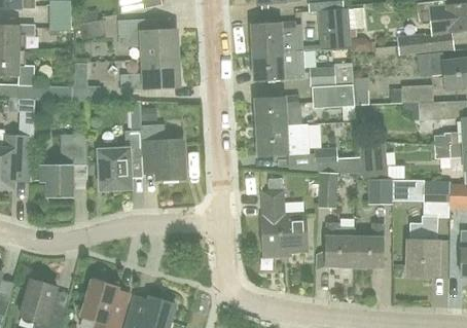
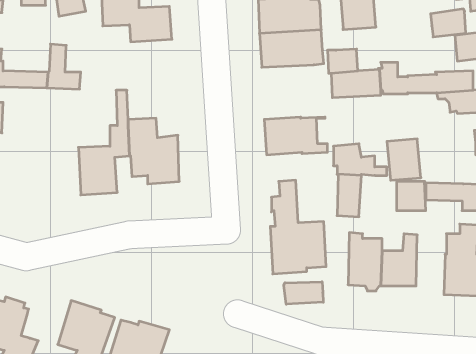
building: [120,58,178,89] -> none
building: [254,96,299,125] -> none
building: [39,135,86,197] -> none
building: none -> [284,282,323,304]

